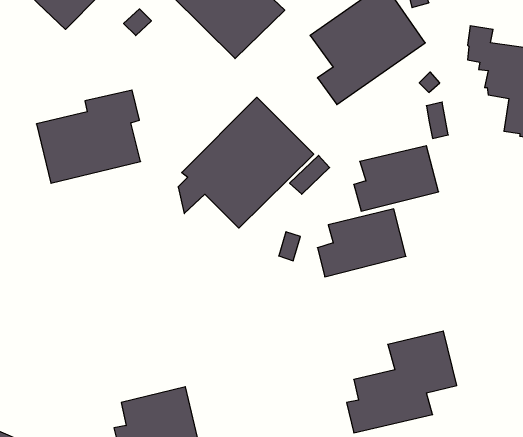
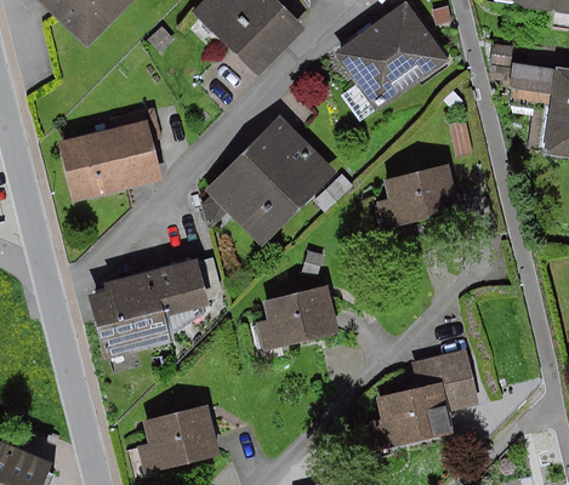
building: [317,209,406,277] -> [251,284,340,352]
building: none -> [87,256,222,359]

